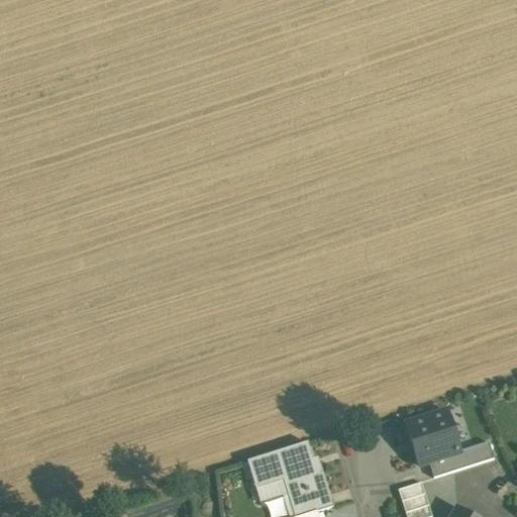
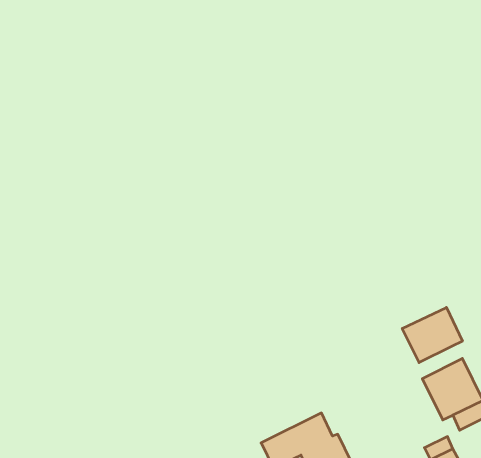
building: none -> [402,307,462,363]

